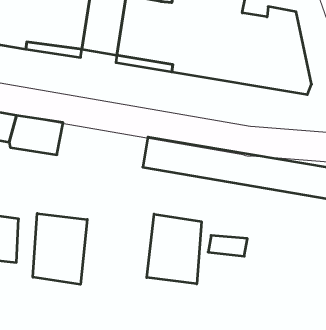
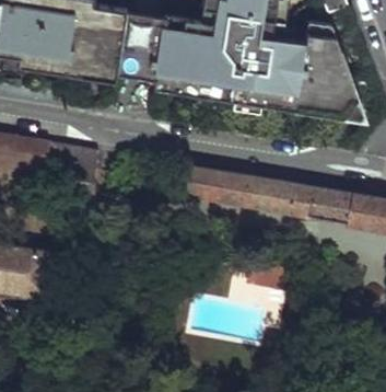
building: [33,213,87,284] -> none
building: [147,214,201,284] -> none

